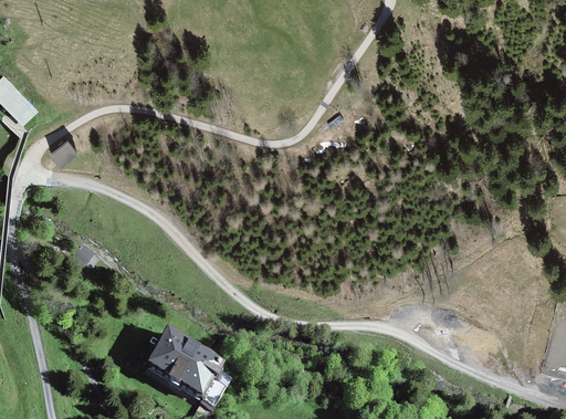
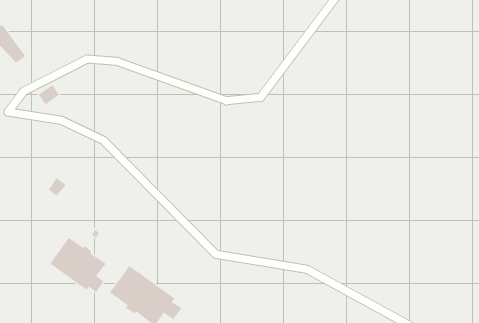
building: none -> [50,237,106,293]

